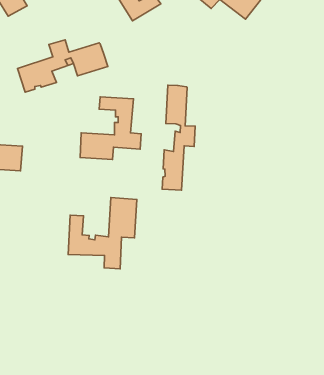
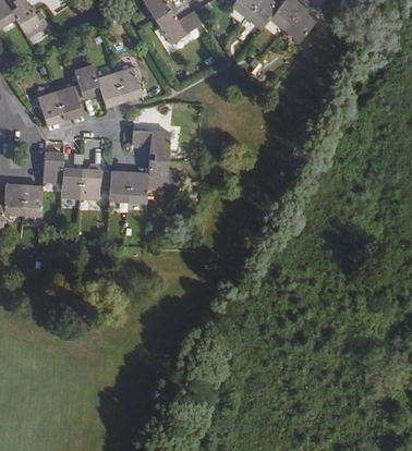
building: [162,85,195,190] -> none
building: none -> [43,150,100,198]
building: [68,198,137,269] -> none

